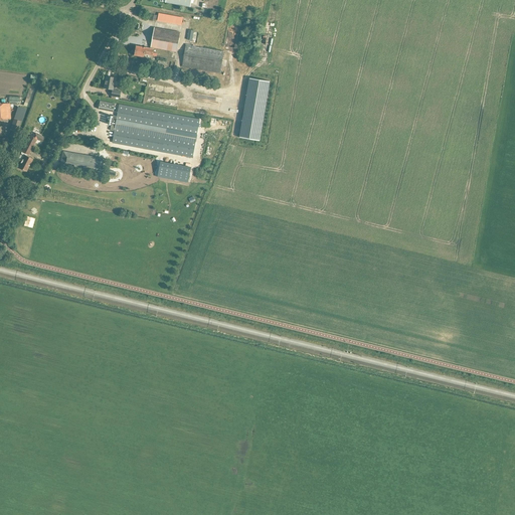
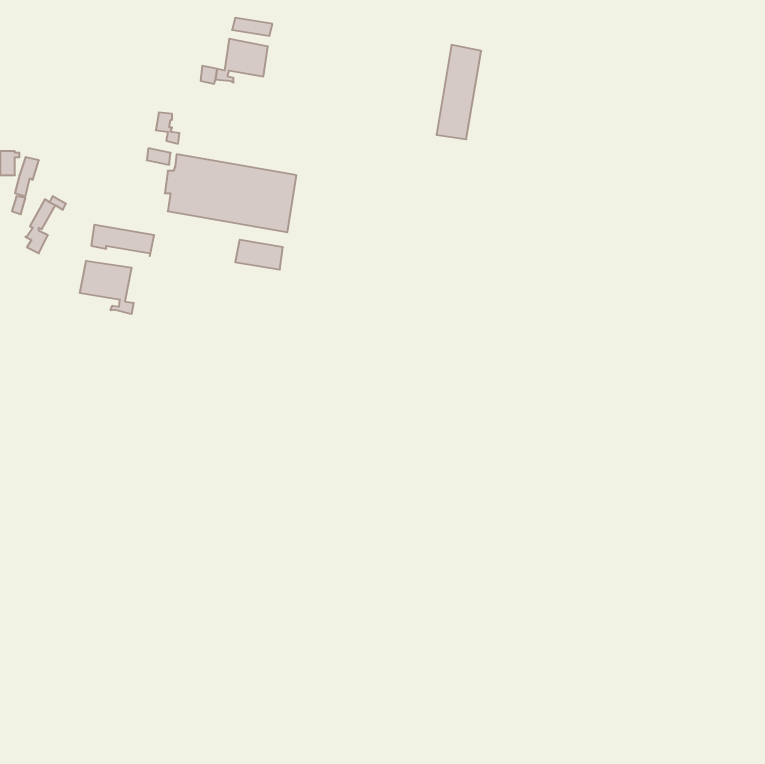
building: [182,44,223,72] -> none
building: [239,76,270,140] -> [436,45,481,139]
building: none -> [80,261,134,314]

